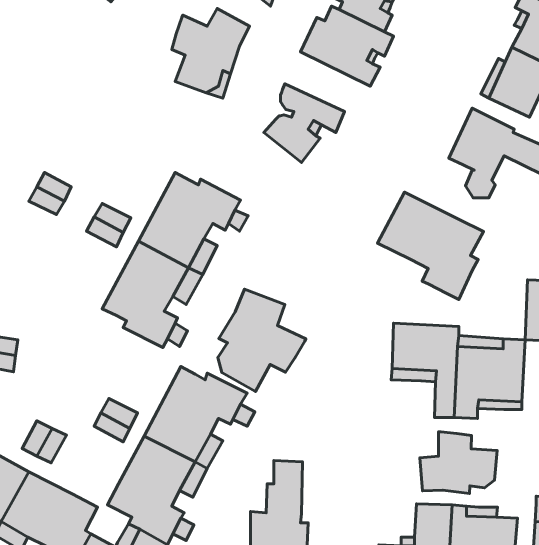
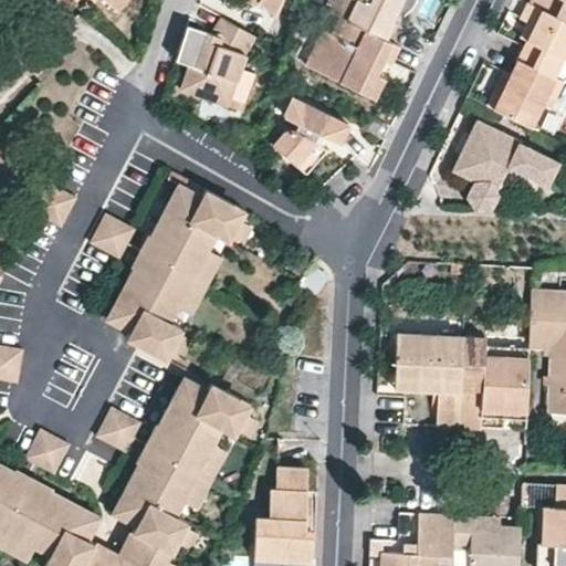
building: [378,192,483,300] -> none
building: [218,289,306,391] -> none
building: [420,432,497,493] -> none

